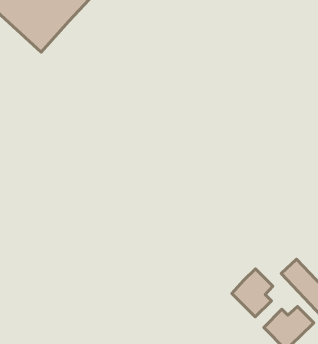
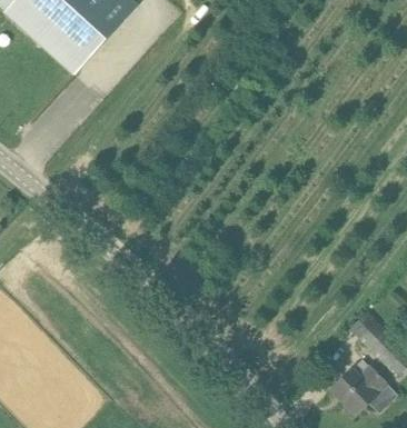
building: [232,269,273,317] -> none

